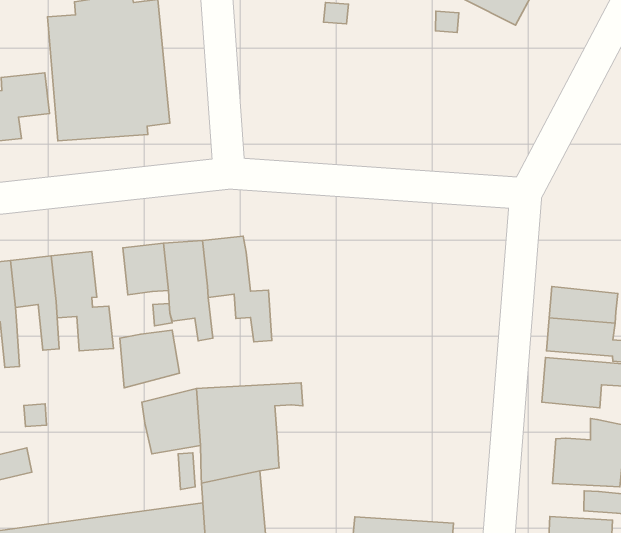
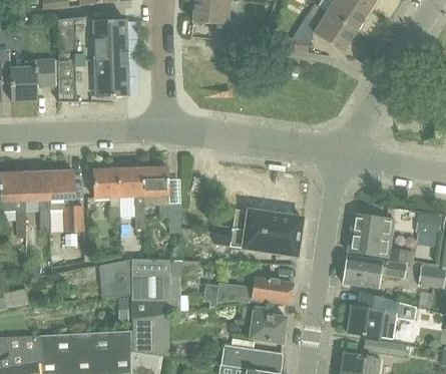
building: none -> [214,211,303,256]
building: [120,330,179,388] -> none
building: none -> [214,277,294,305]
building: none -> [242,307,286,343]

